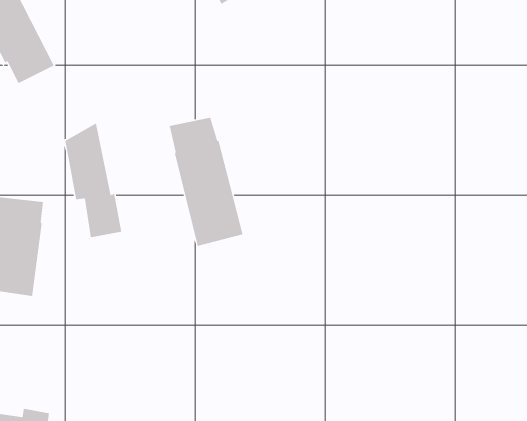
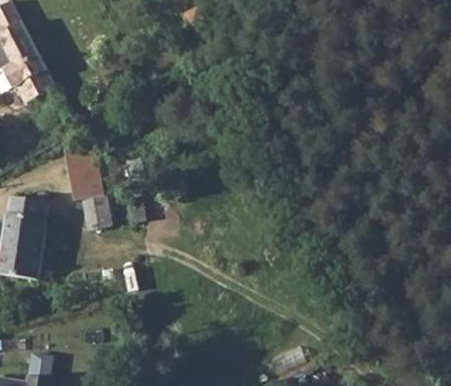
building: [169,117,244,247] -> none

